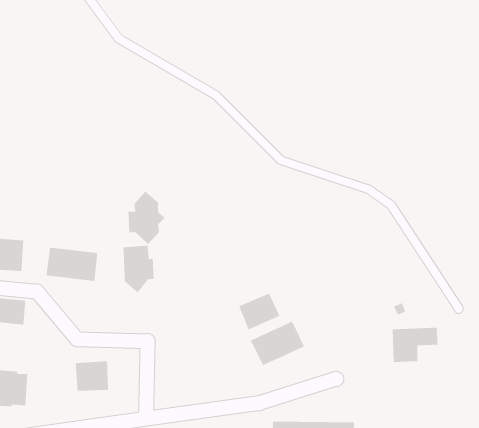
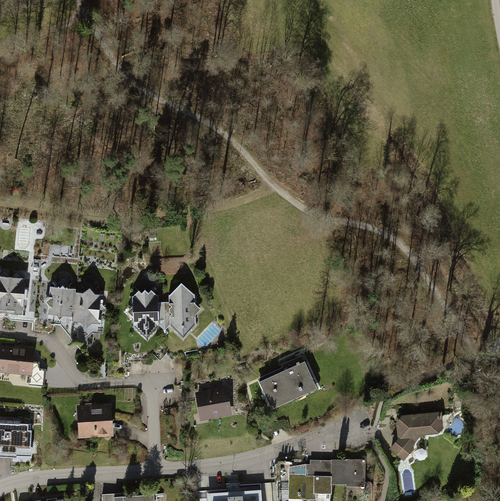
building: [128,190,166,245] -> [159,278,198,334]
building: [238,292,280,331] -> none
building: [392,327,439,363] -> [398,417,446,454]
building: none -> [198,390,231,418]

